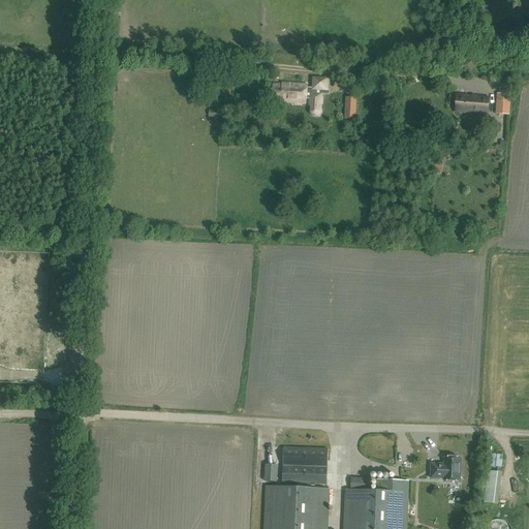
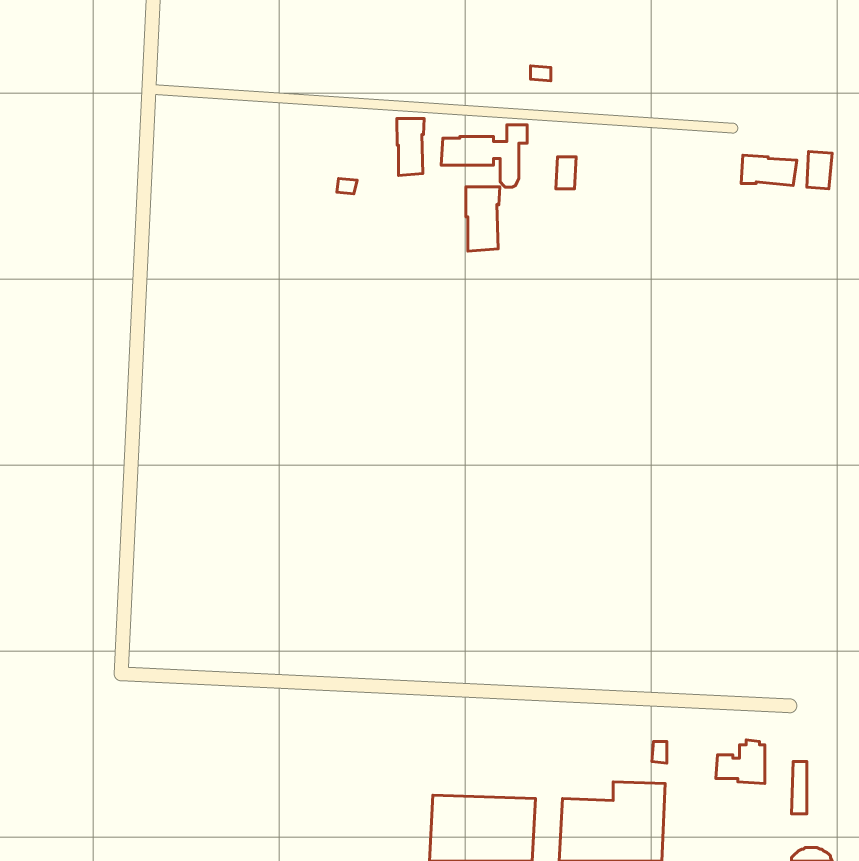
building: none -> [397,119,424,176]
building: none -> [466,187,500,251]
building: [281,448,326,485] -> none

